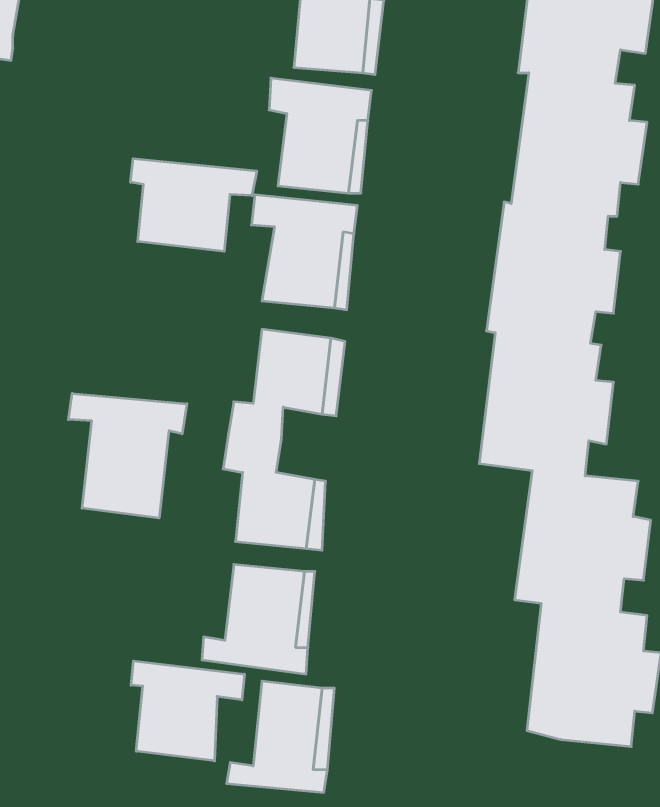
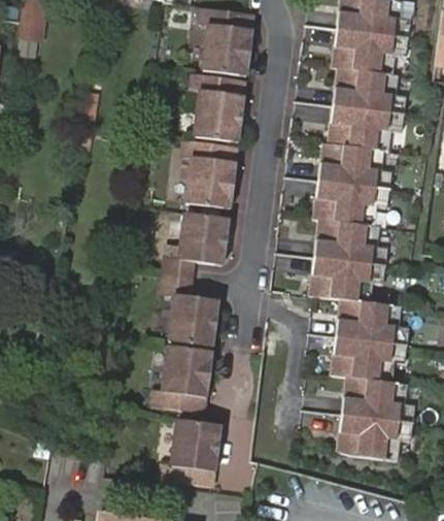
building: [131,159,257,251] -> none
building: [68,393,187,518] -> none
building: [131,661,244,761] -> none

